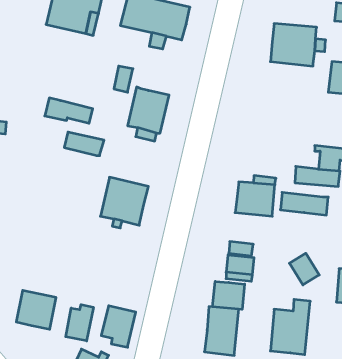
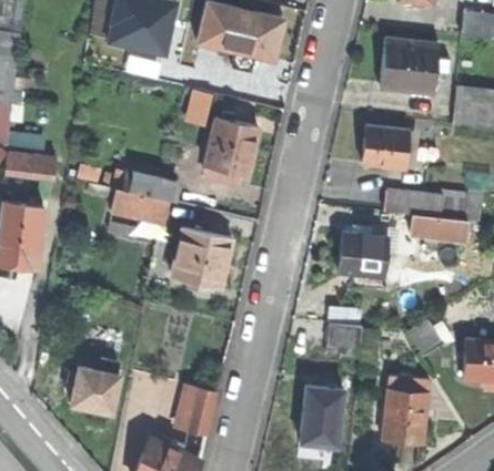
building: none -> [363,125,409,166]
building: [45,98,93,123] -> [110,187,169,218]
building: [280,192,328,215] -> [384,190,443,217]
building: [213,281,245,309] -> none
building: [66,305,93,341] -> none

